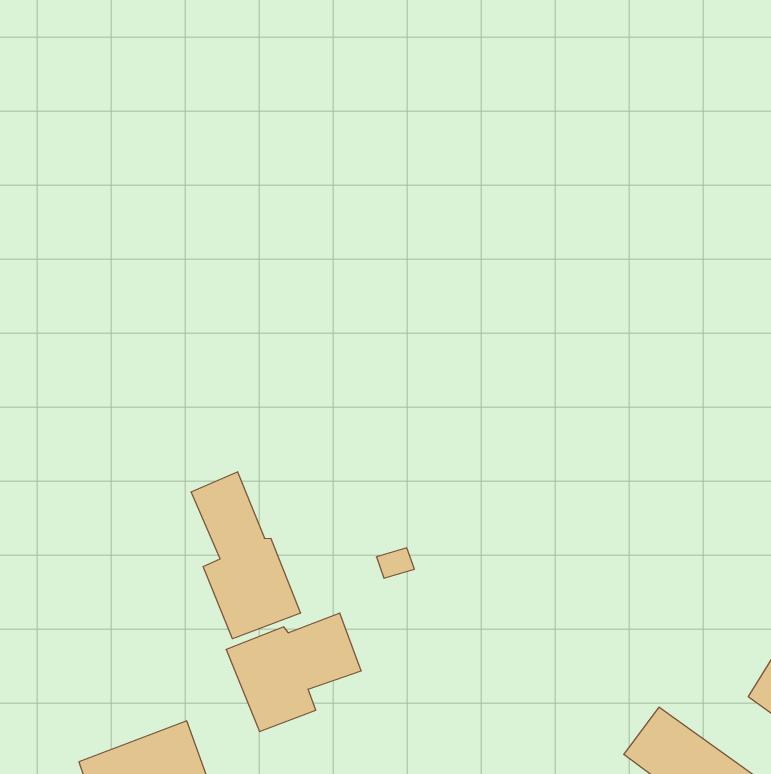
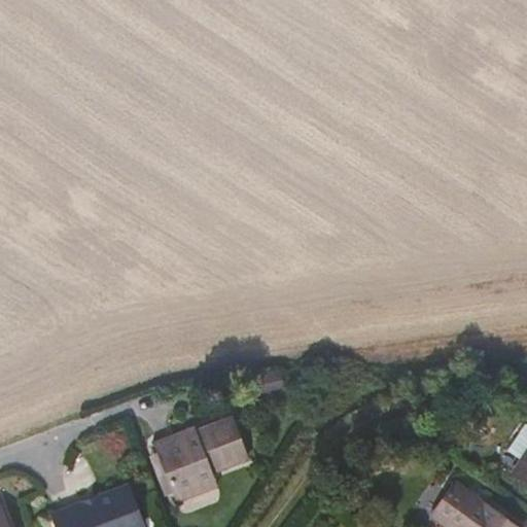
building: [191,472,300,639] -> none

